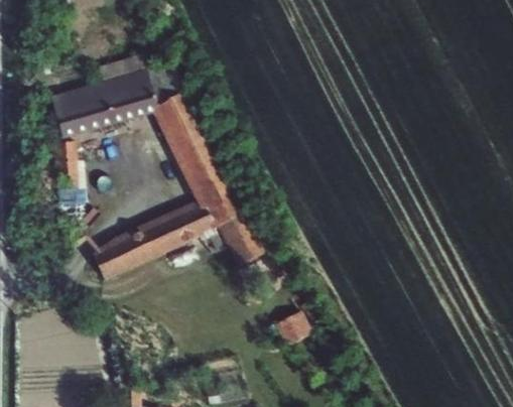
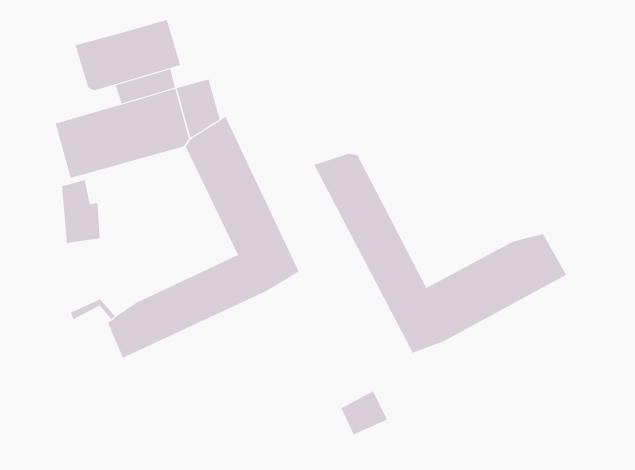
building: none -> [75,19,181,91]
building: none -> [313,153,567,353]
building: [219,216,265,269] -> none

